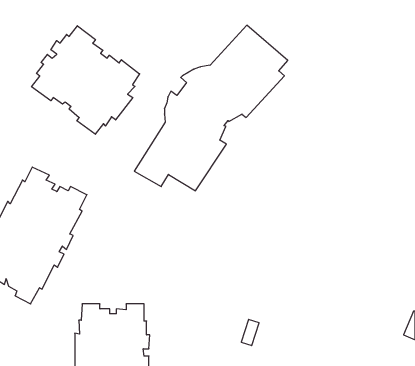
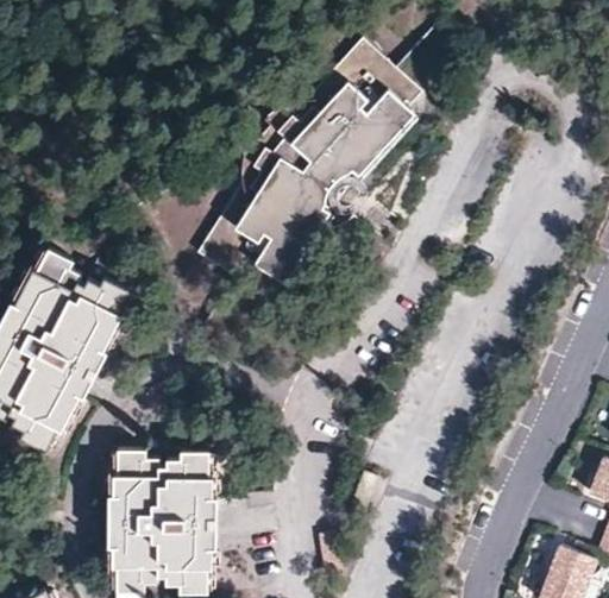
building: [32,26,140,134] -> none

